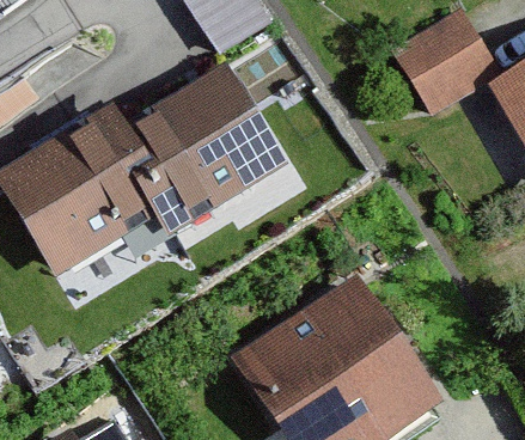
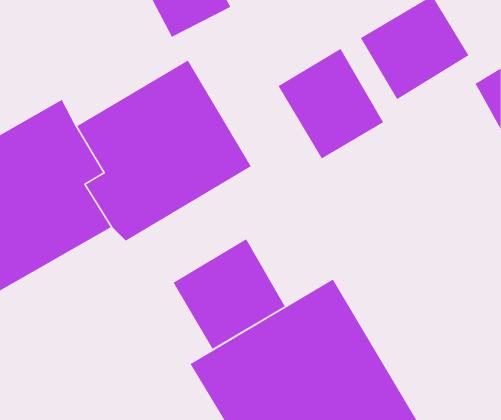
building: none -> [278,48,384,159]
building: none -> [172,238,286,350]

